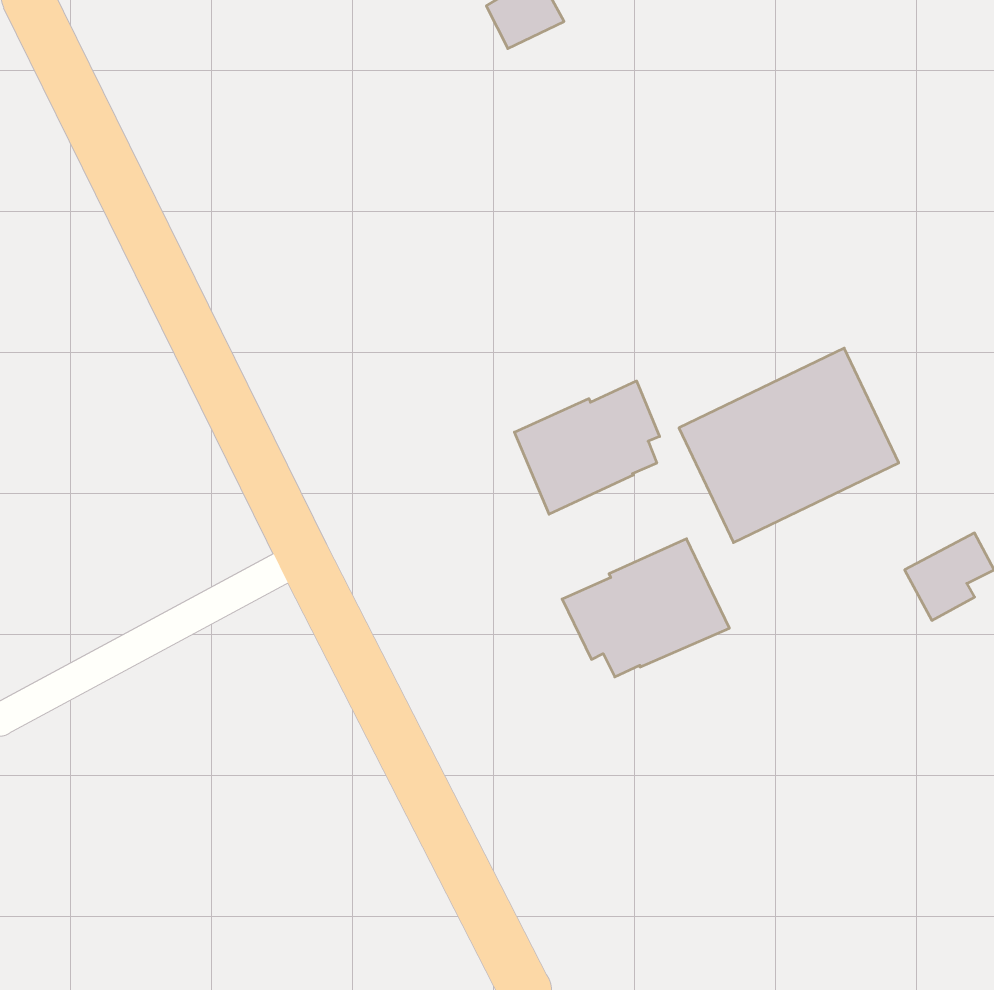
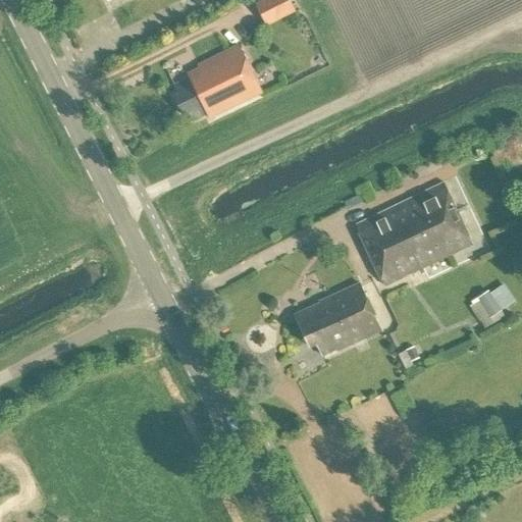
building: none -> [173,45,261,120]
building: [514,381,660,514] -> none

